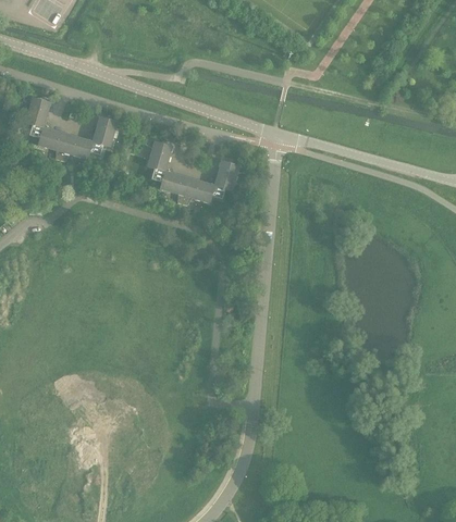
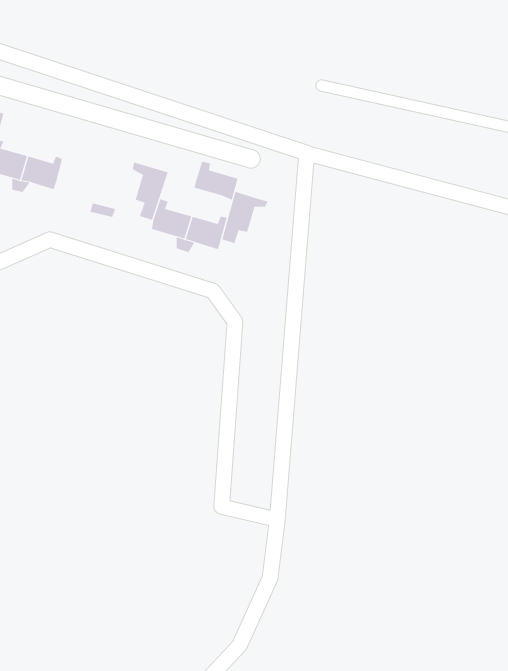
building: [85,115,121,154] -> none
building: none -> [194,161,238,200]

